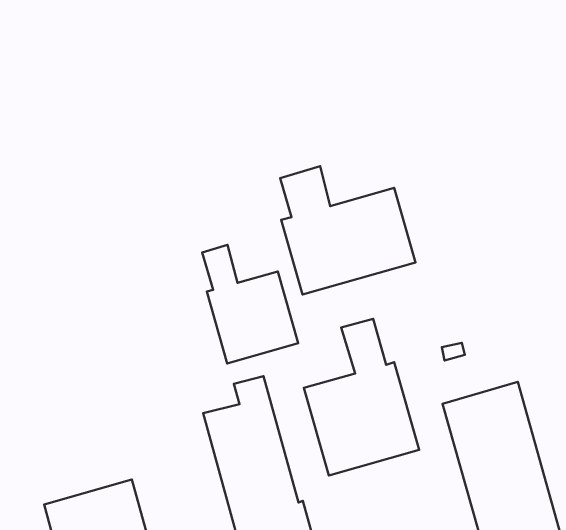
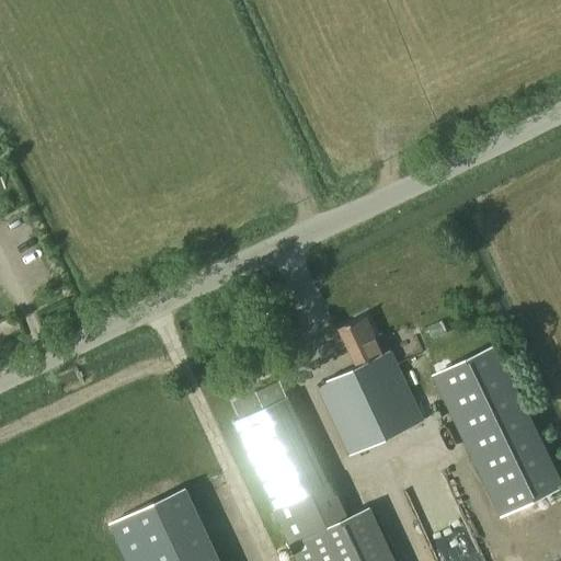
building: [280,166,415,295] -> none
building: [202,245,298,363] -> none

